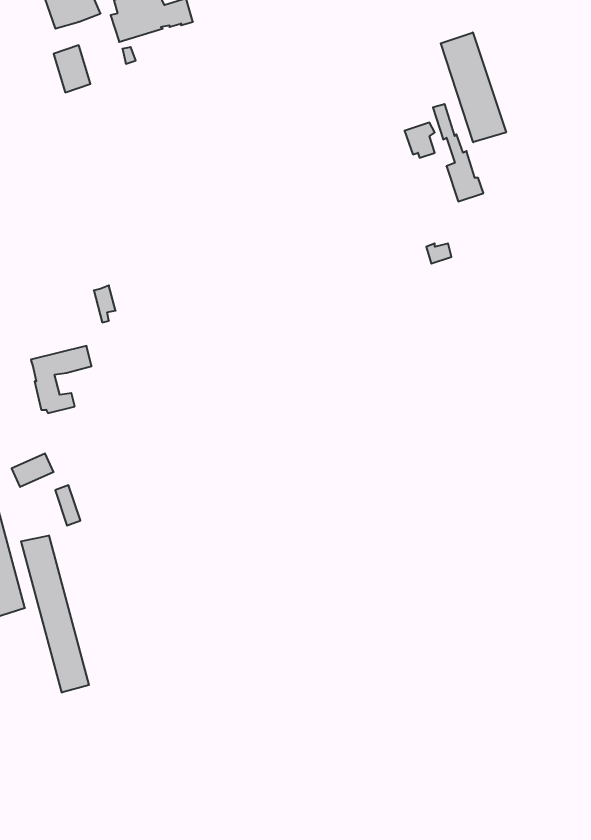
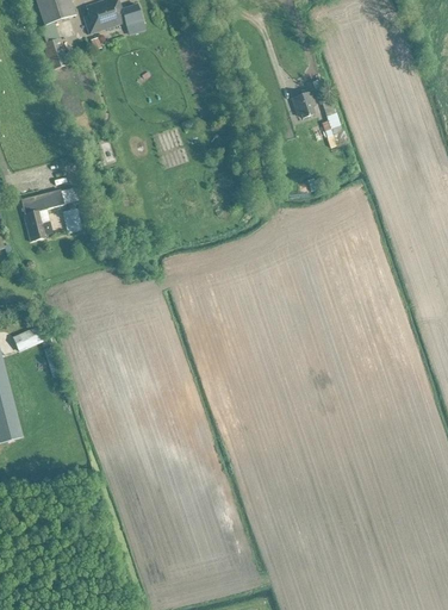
building: [441,32,506,142] -> none
building: [31,346,92,413] -> [20,189,63,237]
building: [21,535,89,693] -> none

